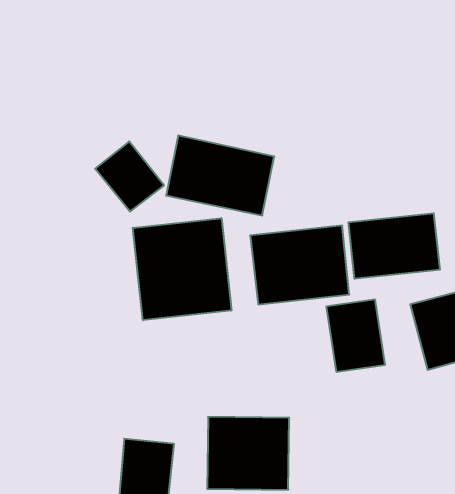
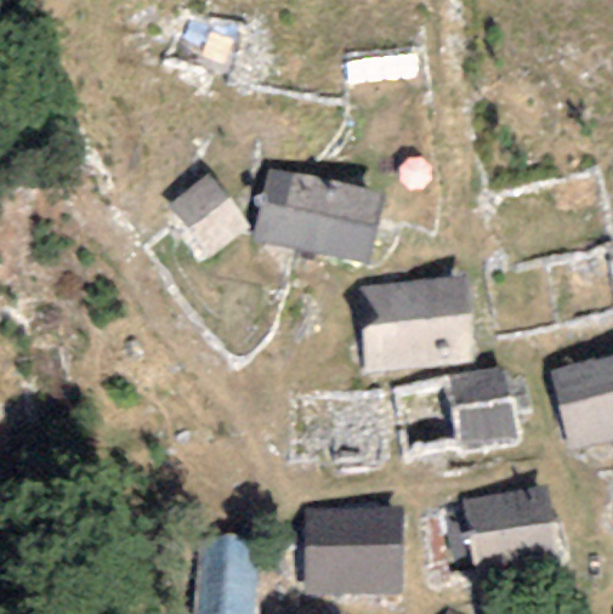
building: [348,213,440,279] -> none
building: [133,218,231,320] -> none
building: none -> [459,482,563,576]

